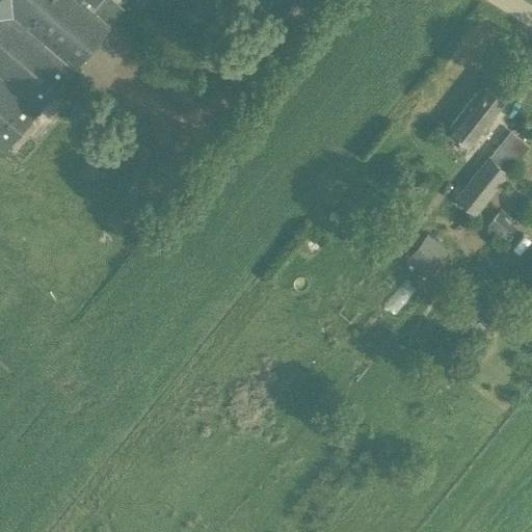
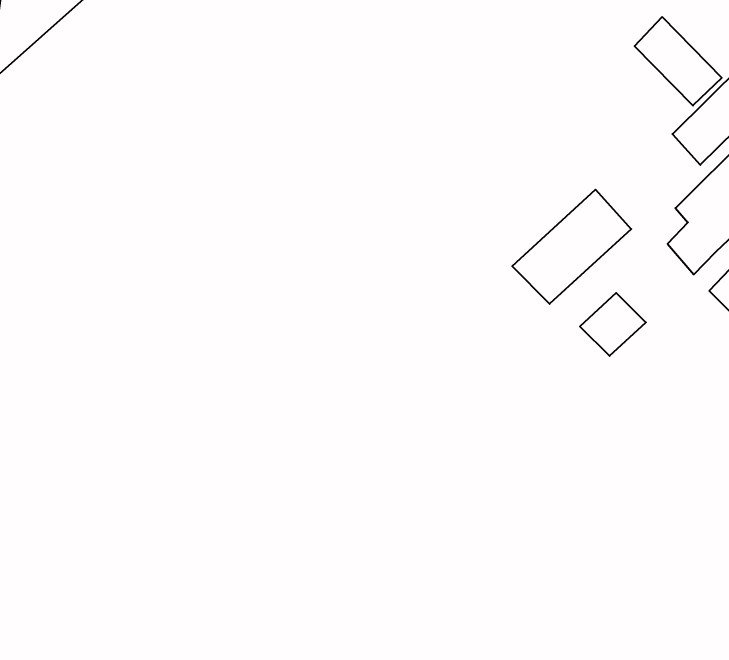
building: none -> [635,17,722,106]
building: none -> [512,190,631,304]

